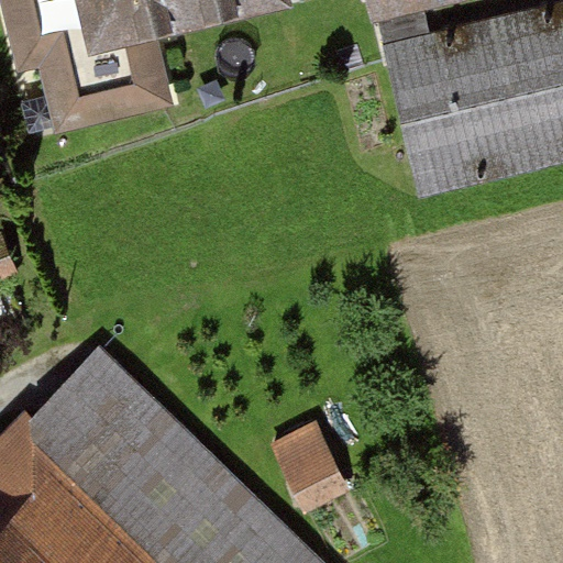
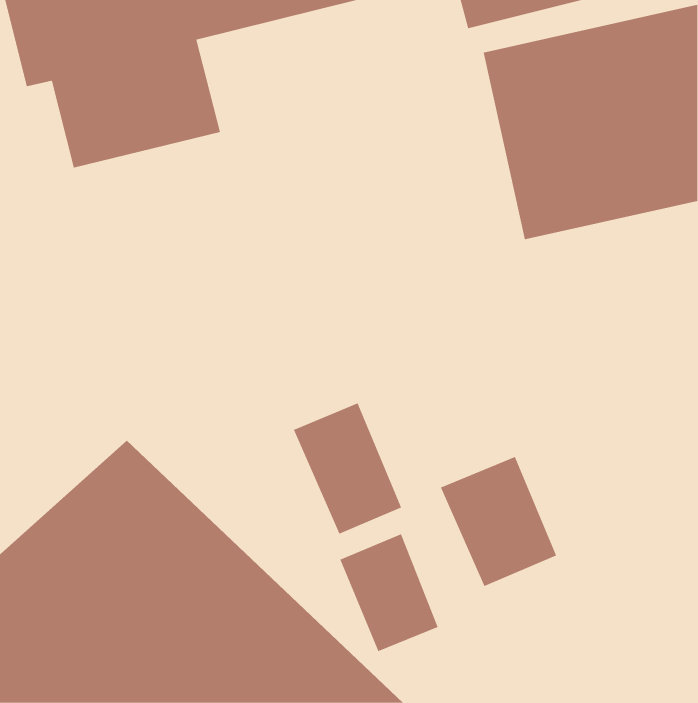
building: none -> [293,403,402,534]
building: none -> [440,456,557,587]

